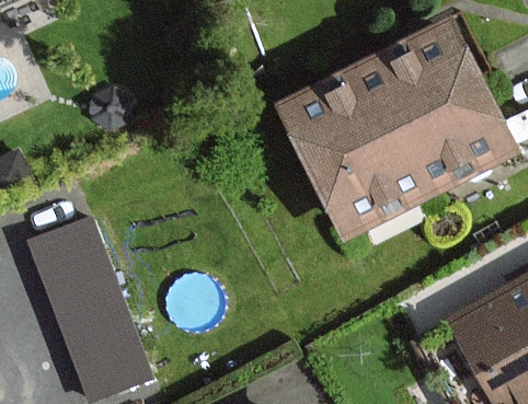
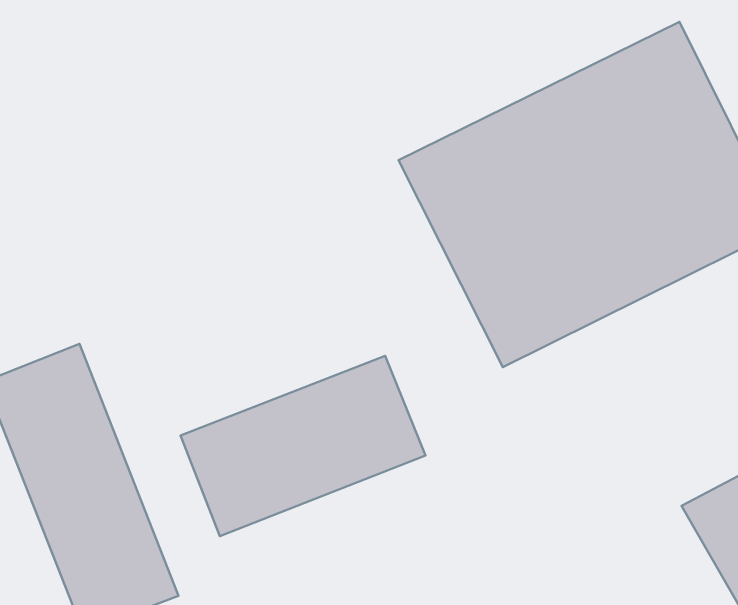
building: none -> [180,356,425,536]

